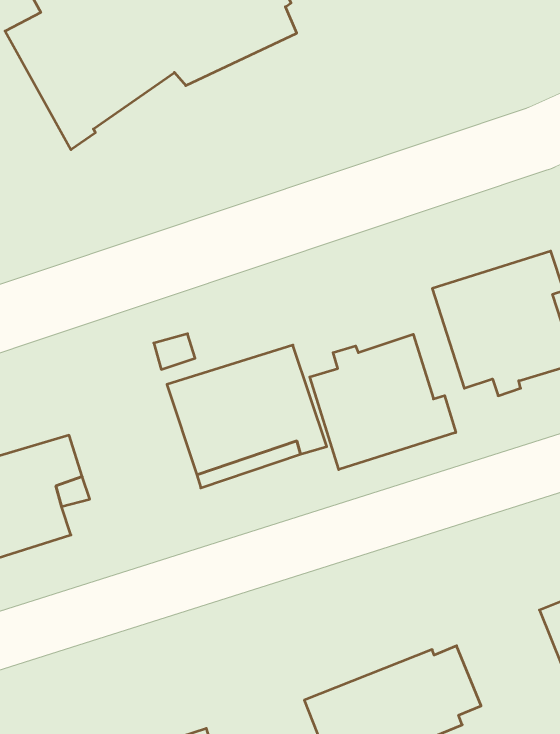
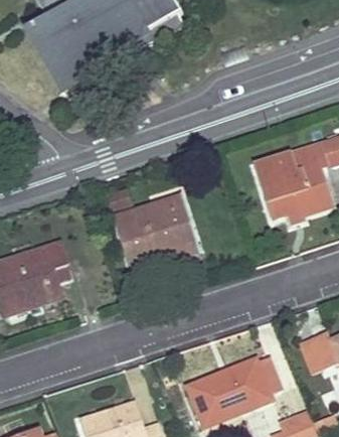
building: [310,334,456,470] -> none

